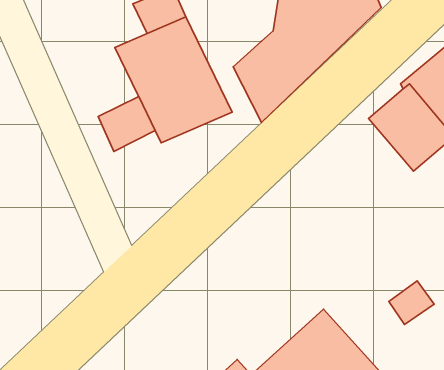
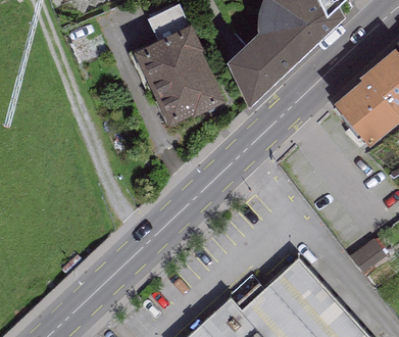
building: [98,97,155,152] -> none

